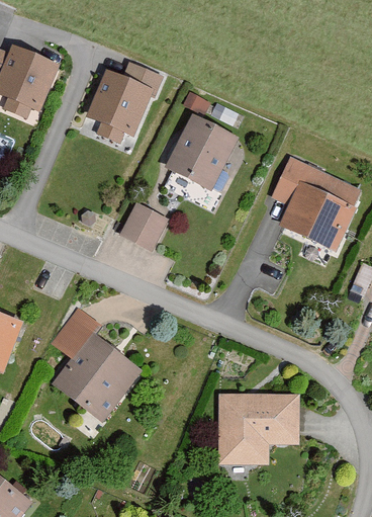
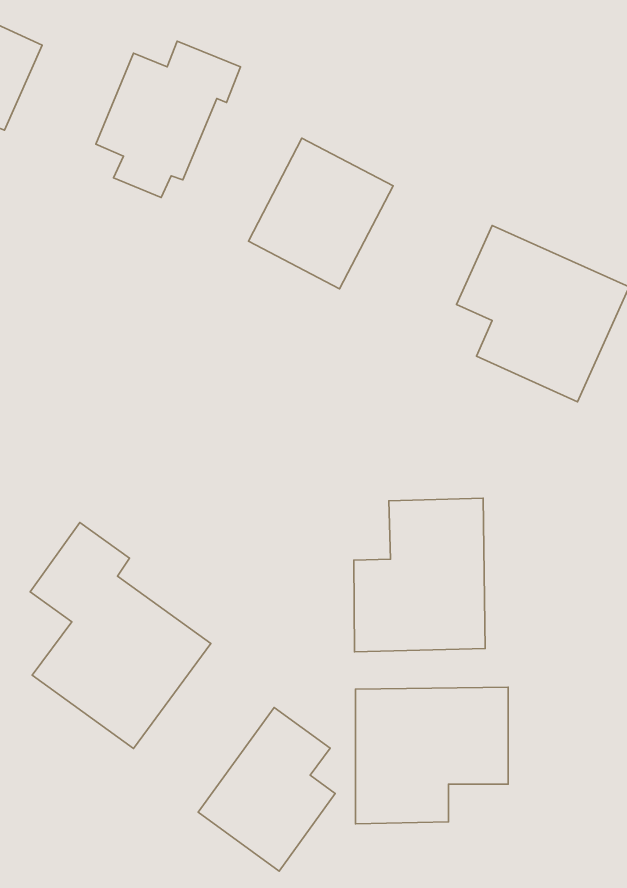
building: [120,202,166,249] -> none
building: none -> [354,498,485,652]
building: none -> [198,708,335,871]

